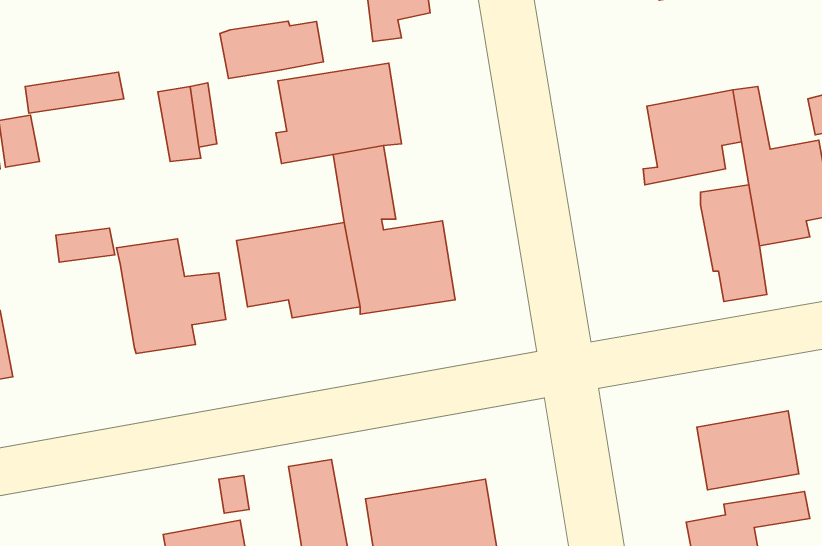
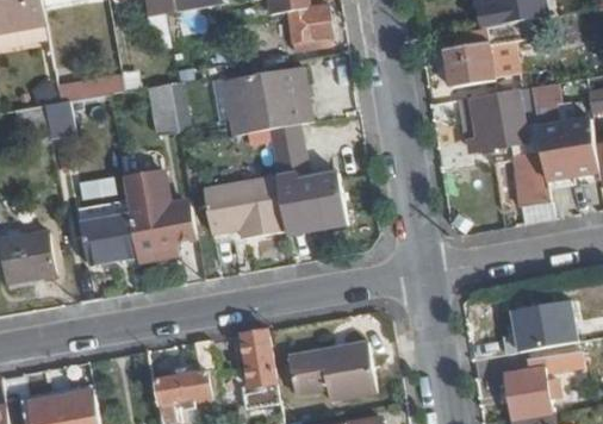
building: none -> [445,36,497,86]
building: [220,21,323,78] -> none
building: none -> [77,200,135,263]

